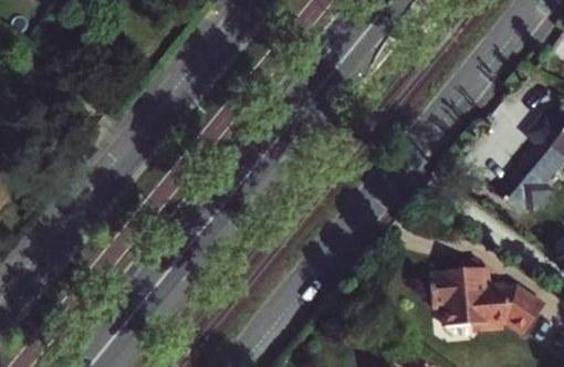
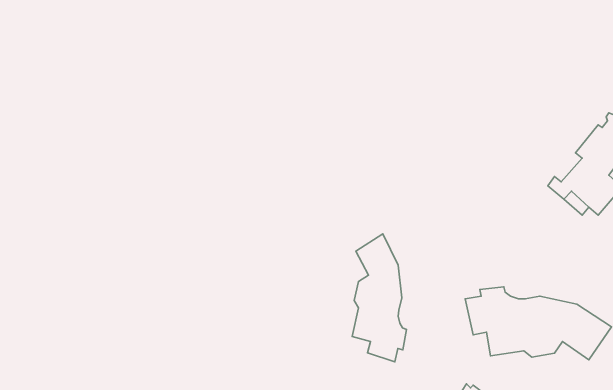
building: none -> [352,234,407,362]

